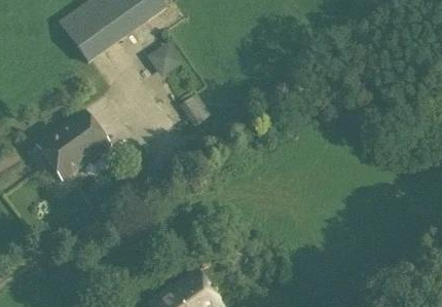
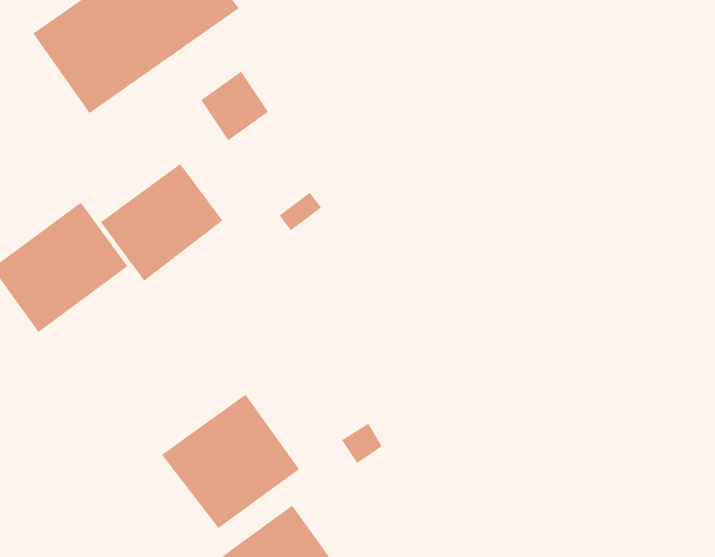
building: none -> [100,163,223,282]
building: none -> [161,394,300,529]

